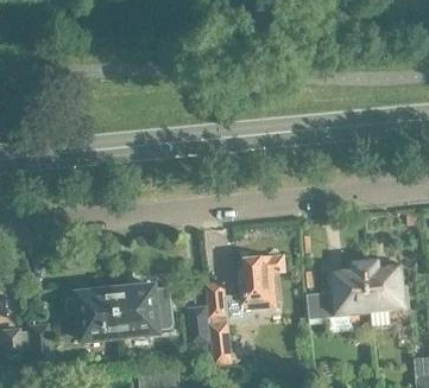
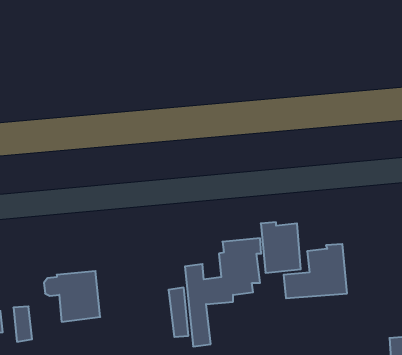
building: [365,260,405,311] -> [261,222,301,273]
building: [115,284,168,335] -> none

